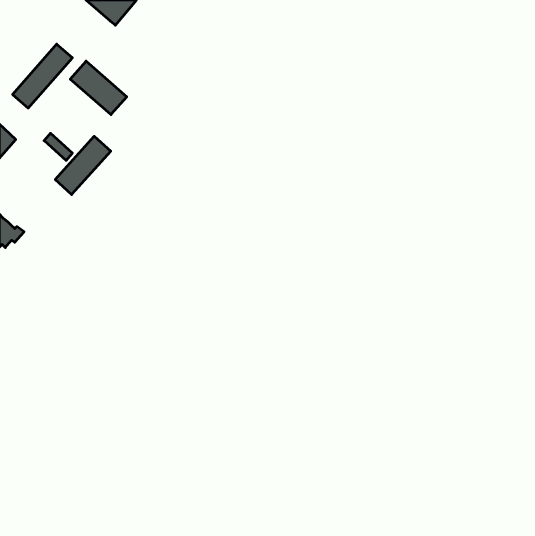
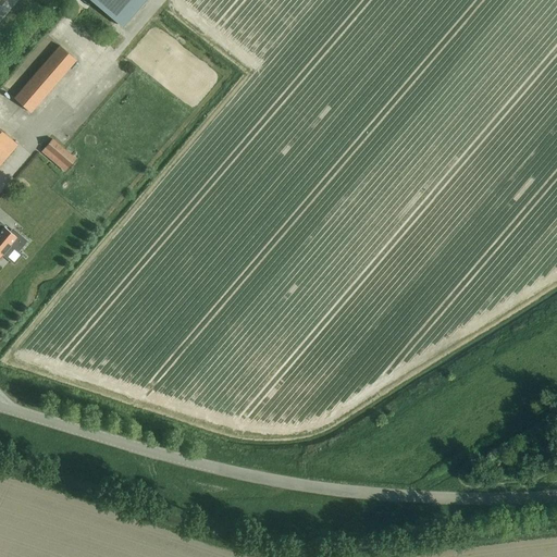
building: [70,61,127,115] -> none
building: [55,136,111,195] -> none

